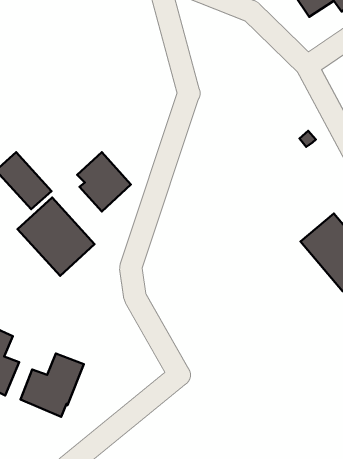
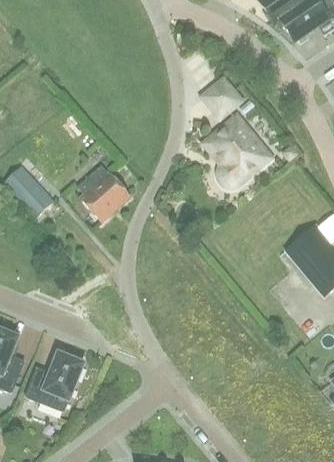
building: none -> [203,79,239,110]
building: none -> [205,116,269,184]
building: [18,197,95,276] -> none

